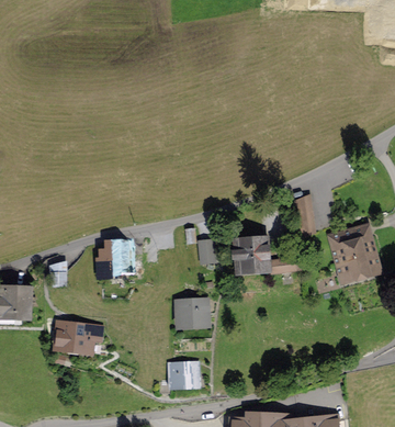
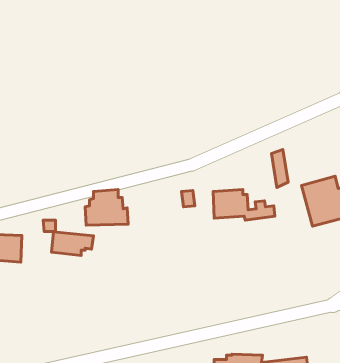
building: [176,300,206,325] -> none
building: [58,325,103,350] -> [51,232,93,255]
building: [171,364,198,385] -> none

